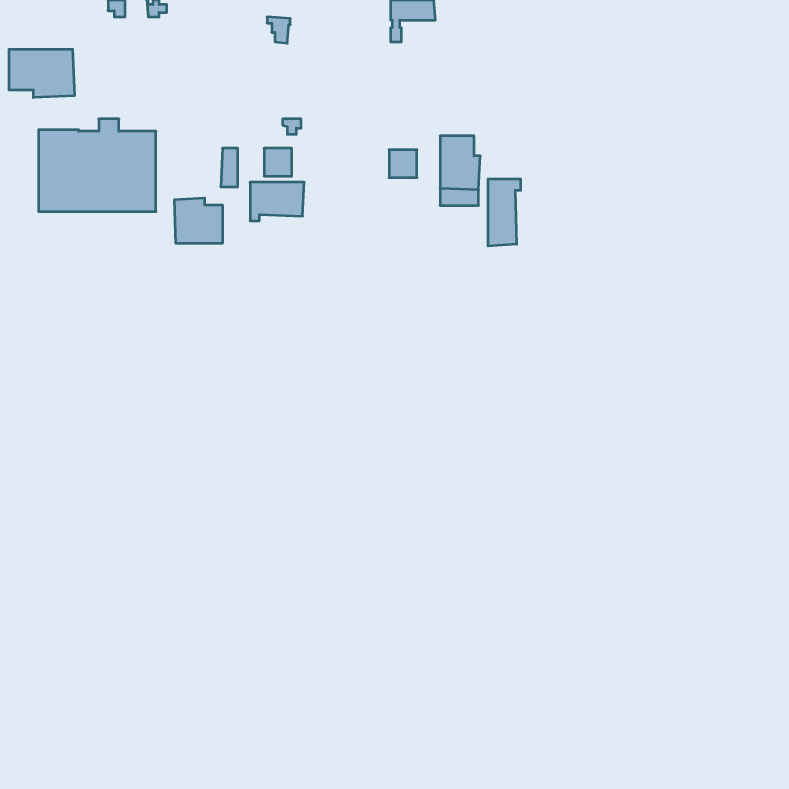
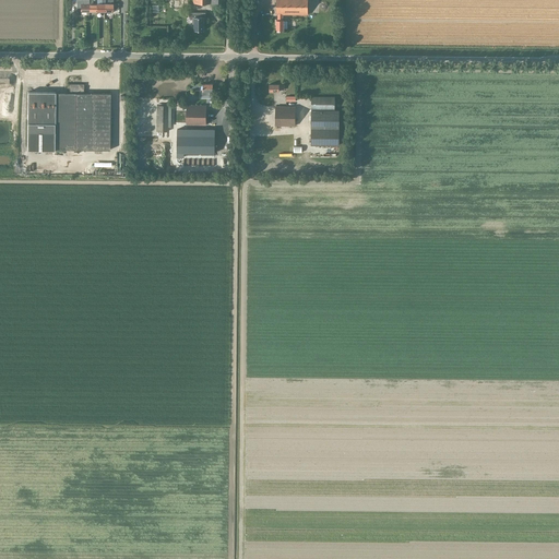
building: [9,49,74,98] -> none
building: [488,179,521,246] -> none
building: [175,198,222,243] -> none

